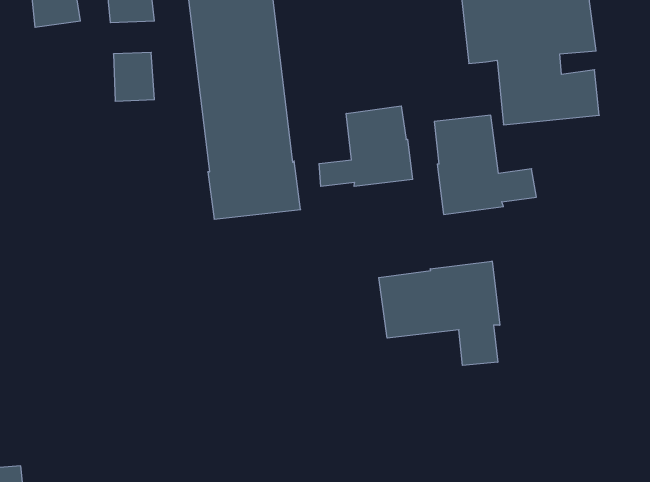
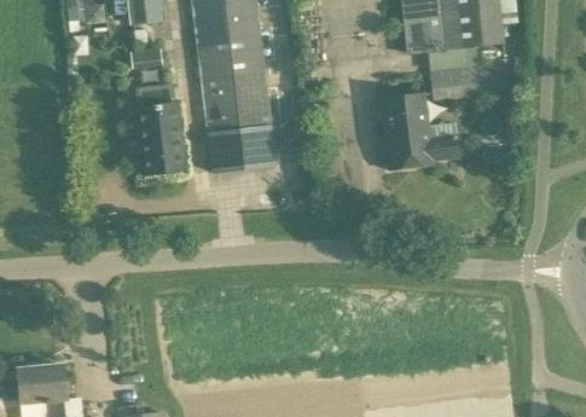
building: none -> [137,81,184,173]
building: [319,106,413,186] -> none
building: [379,261,500,365] -> none

